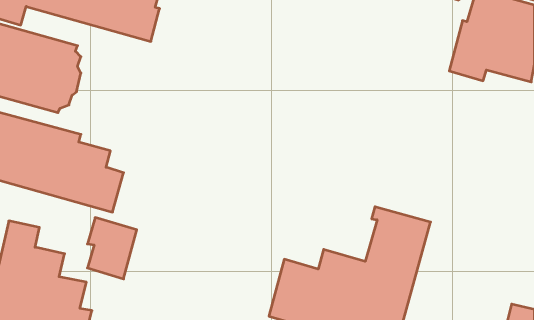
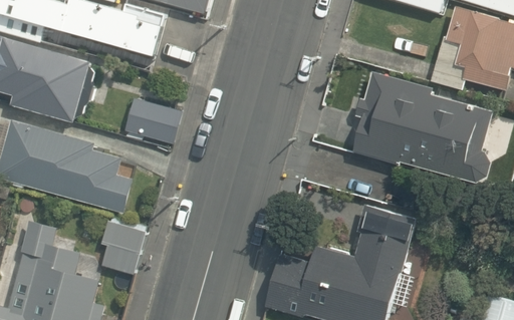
building: none -> [354,72,494,184]
building: none -> [126,98,183,144]

